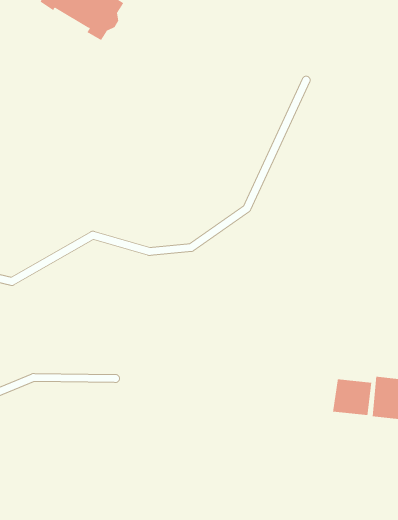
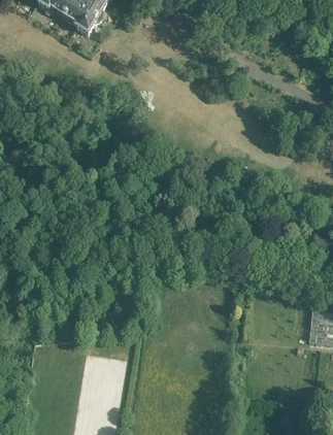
building: [332,378,372,416] -> none

